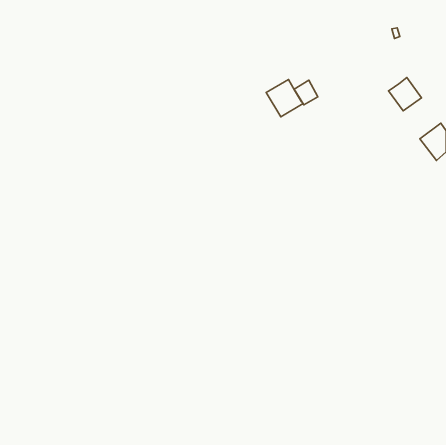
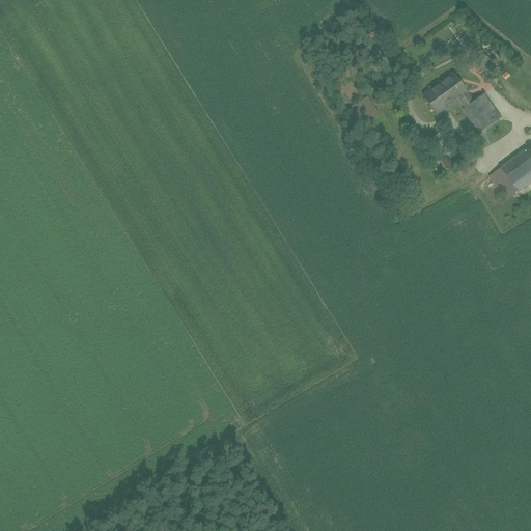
building: none -> [421,71,474,114]
building: [266,79,303,117] -> none

